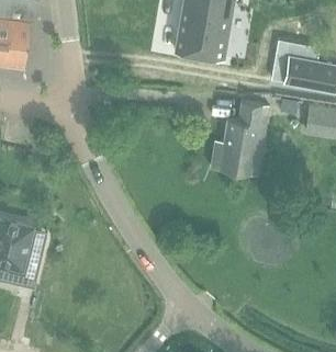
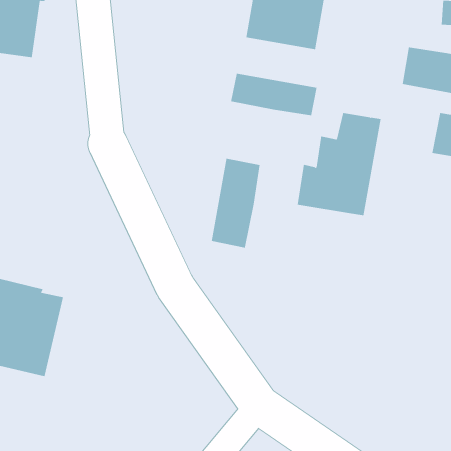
building: none -> [231,73,317,116]
building: none -> [211,158,260,248]

